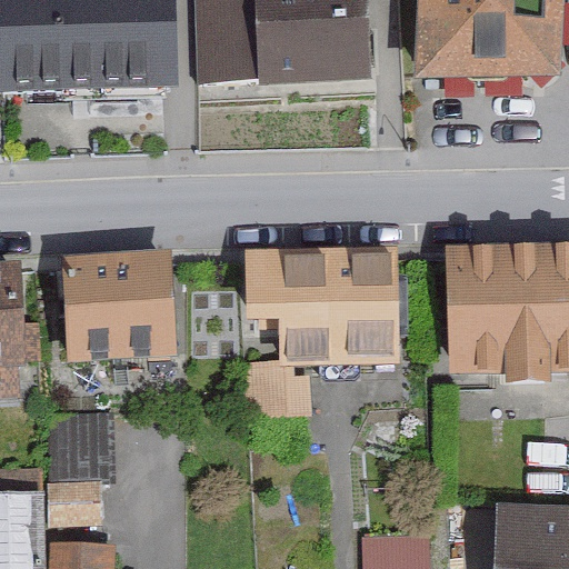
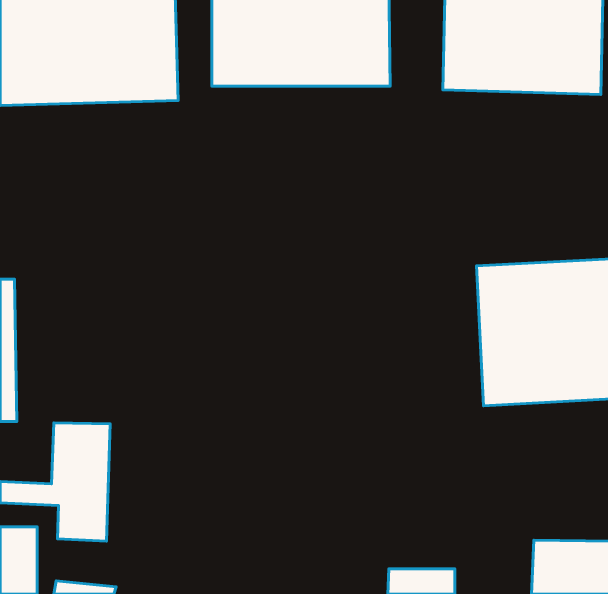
building: [241,248,400,417] -> none
building: [61,251,172,361] -> none

